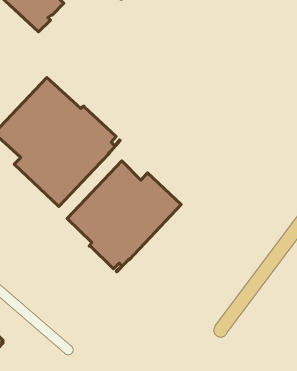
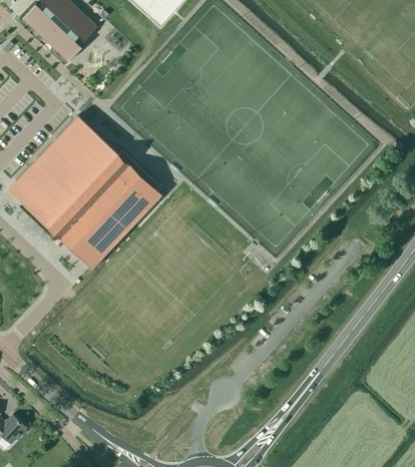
building: [67,161,181,272] -> none

